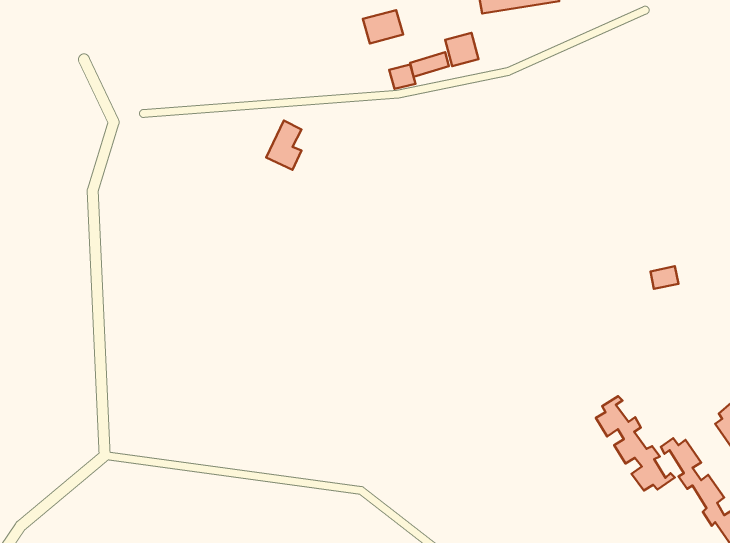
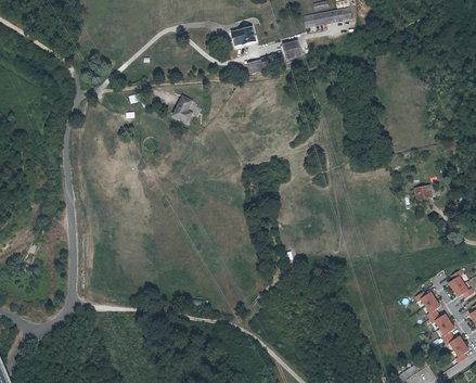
building: [596,396,675,491] -> none

